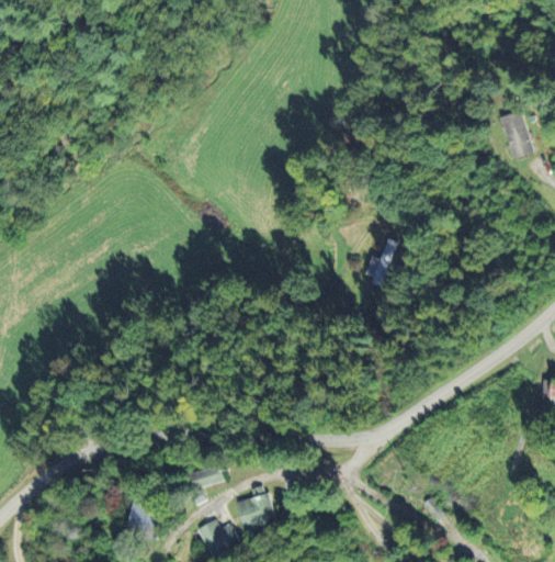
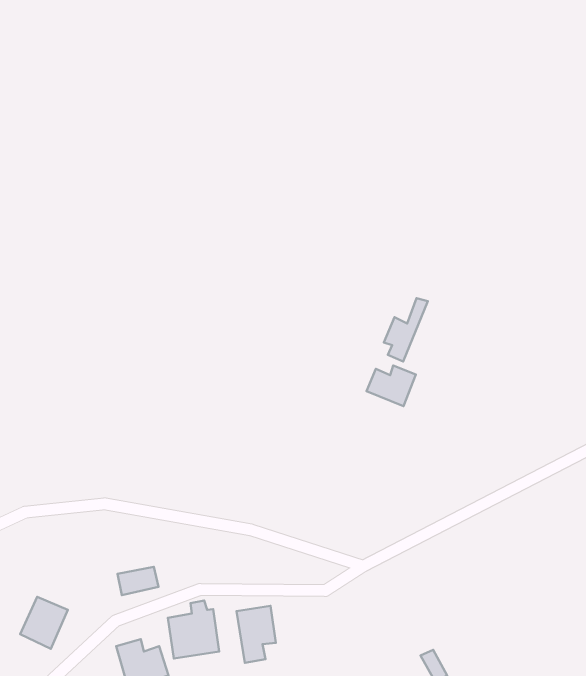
building: none -> [367,366,416,406]
building: none -> [237,606,276,663]

